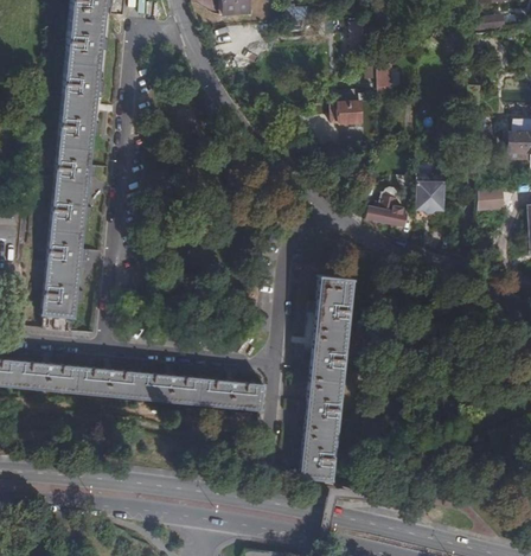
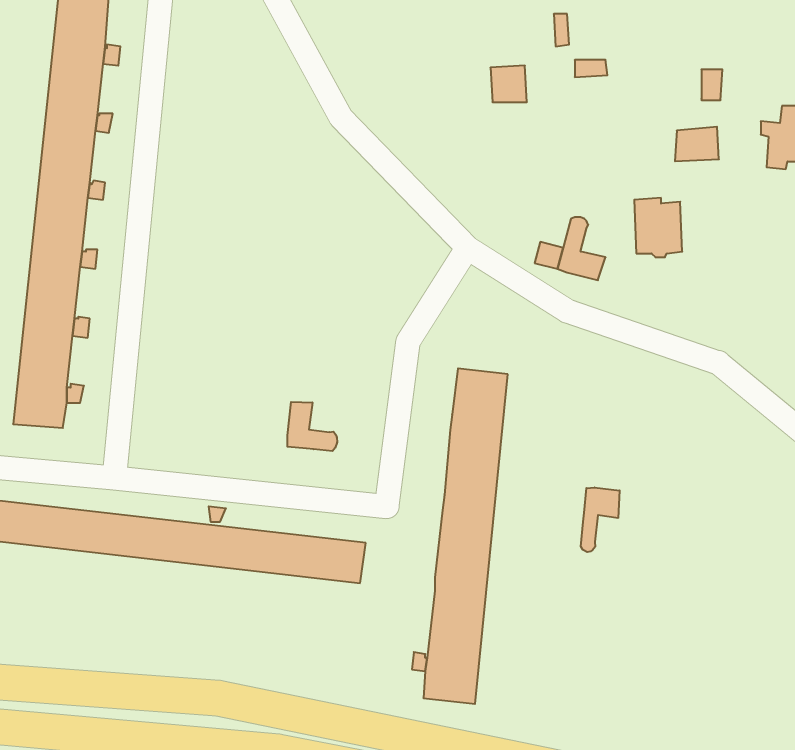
building: [480,188,507,210] -> [675,127,719,161]
building: none -> [287,402,337,451]
building: none -> [581,487,620,552]

